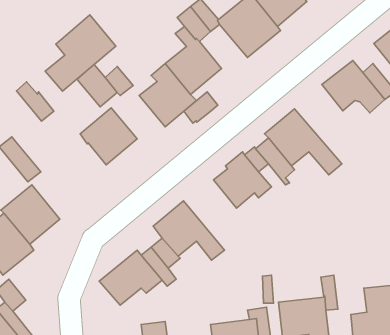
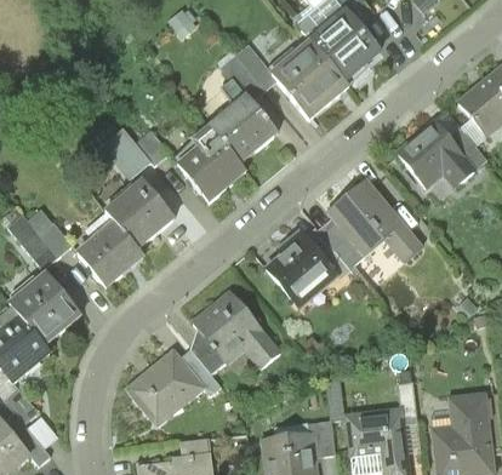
building: [45,15,116,91] -> none
building: [17,82,54,121] -> [27,210,72,257]
building: [184,92,218,123] -> none
building: none -> [78,222,142,286]

